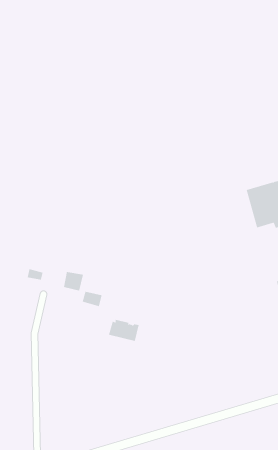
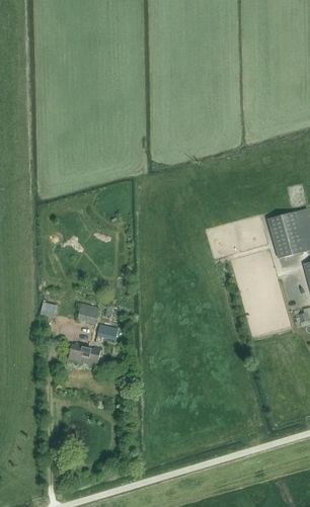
building: [108,319,140,342] -> [68,342,100,365]

